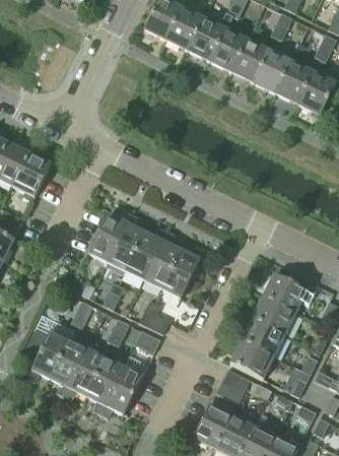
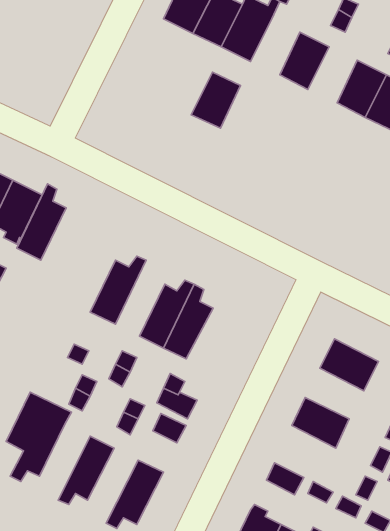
building: [209,29,247,72] -> [191,72,241,128]
building: [253,51,290,93] -> none
building: [107,213,144,271] -> [17,184,66,260]
building: [160,246,203,298] -> none
building: [251,296,295,334] -> none
building: [49,338,87,396] -> none
building: [229,339,274,379] -> none
building: [85,356,124,413] -> none

